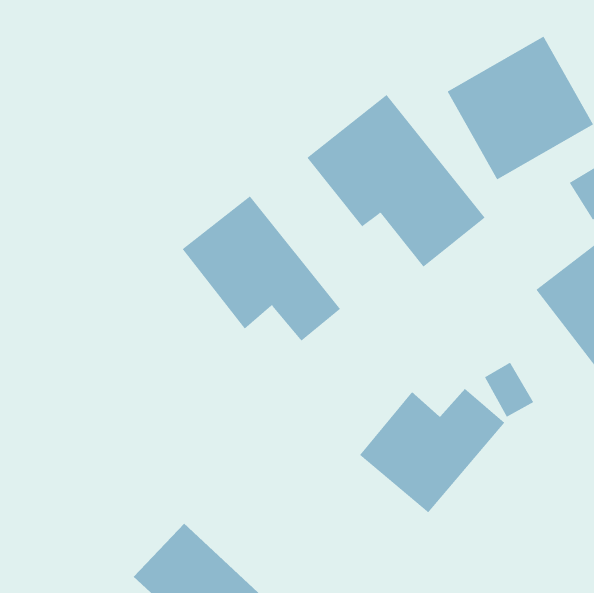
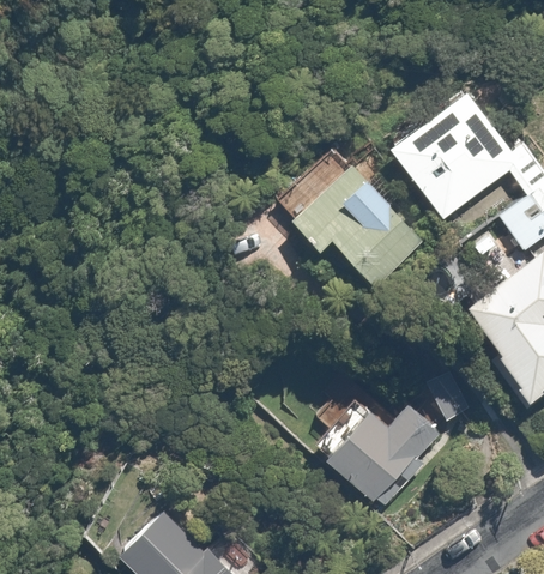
building: [182,195,341,341] -> none

